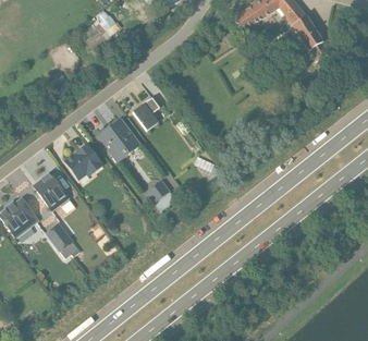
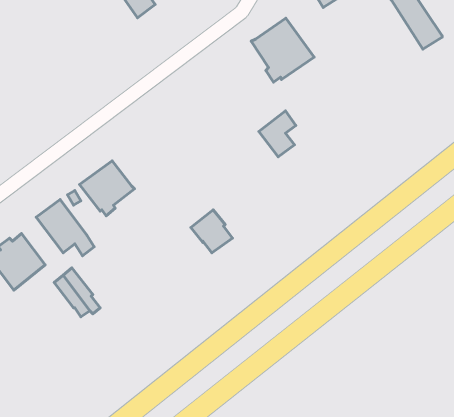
building: none -> [251,18,314,82]
building: [132,96,159,130] -> [259,111,296,157]
building: [97,117,140,161] -> none

